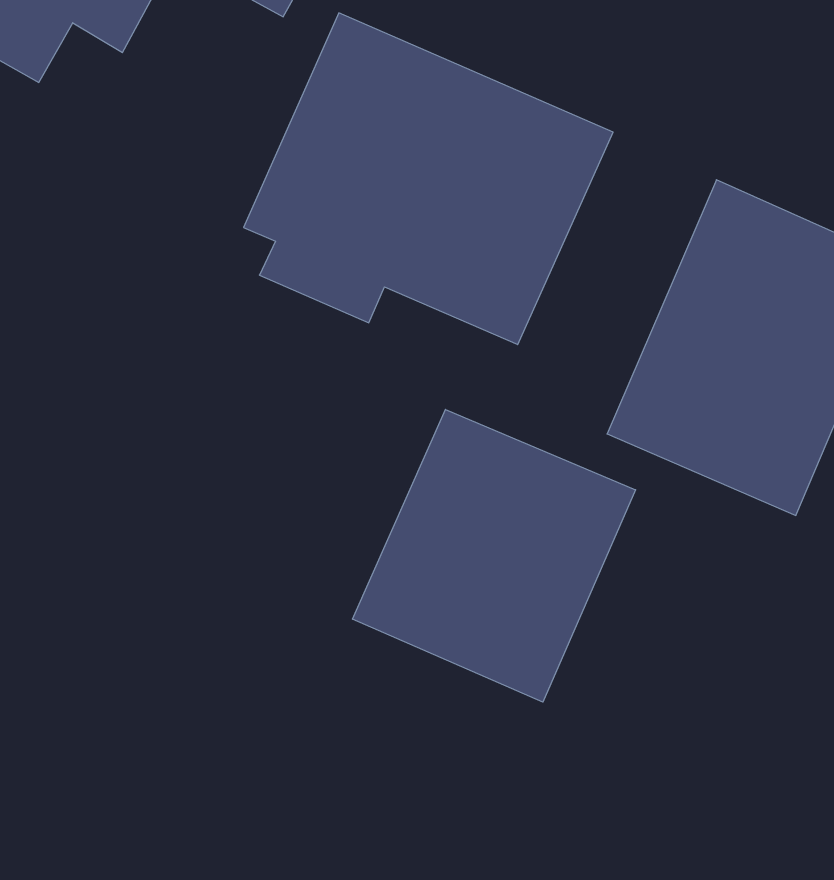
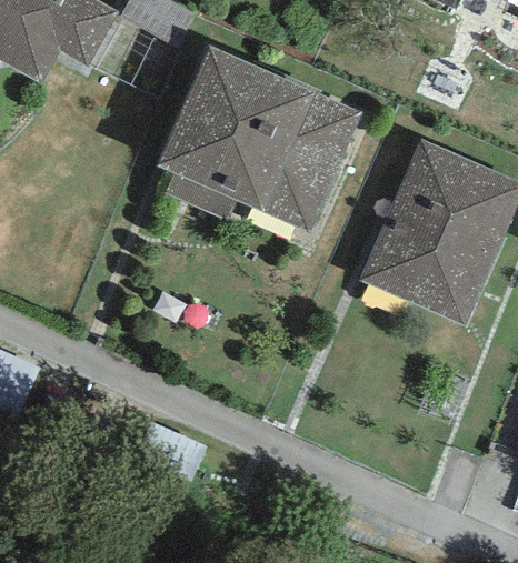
building: [353,409,636,702] -> none

